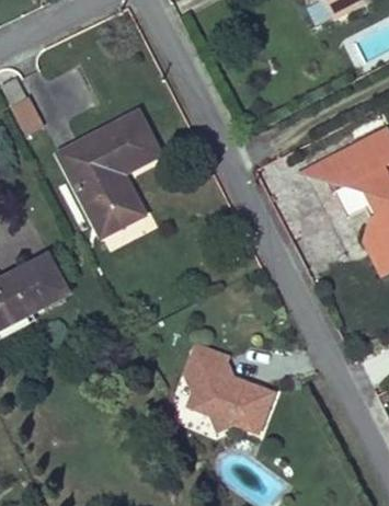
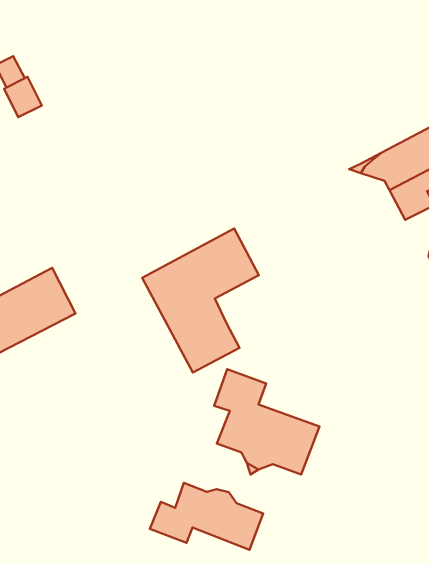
building: [58,113,157,234] -> [142,228,259,373]
building: none -> [150,483,263,550]

